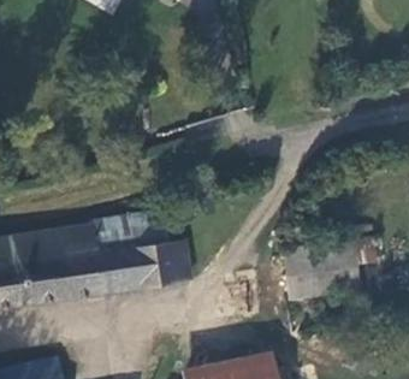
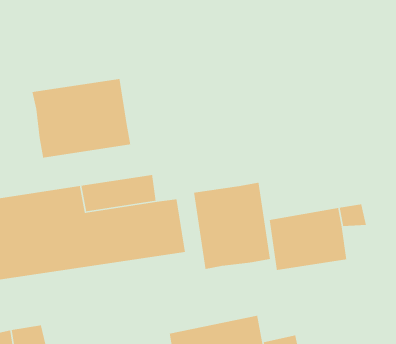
building: none -> [32,78,131,159]
building: none -> [193,182,271,270]

